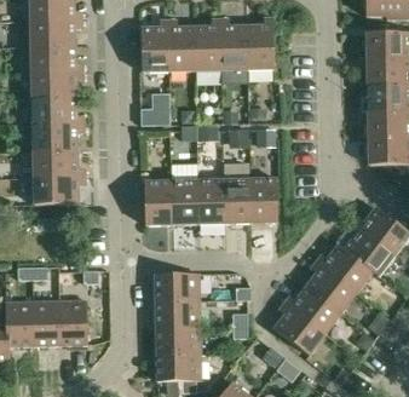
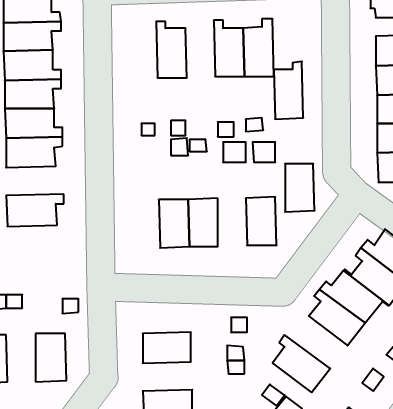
building: [194,19,220,71] -> [274,61,303,119]
building: [140,21,168,71] -> none
building: [31,151,83,178] -> none
building: [223,180,249,224] -> [285,164,315,212]
building: [144,182,171,225] -> none
building: [154,275,198,303] -> none
building: [283,287,340,334] -> none
building: [31,303,58,346] -> none
building: [155,328,200,355] -> none

